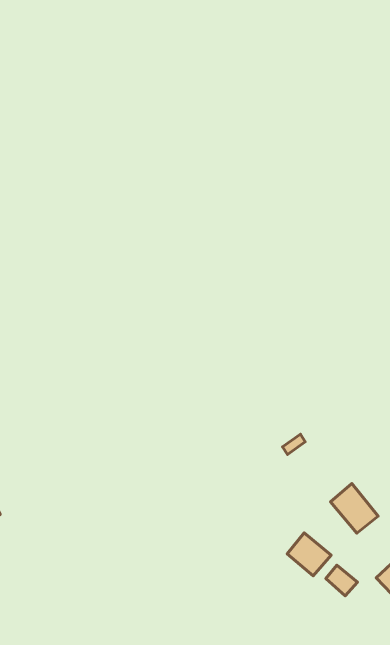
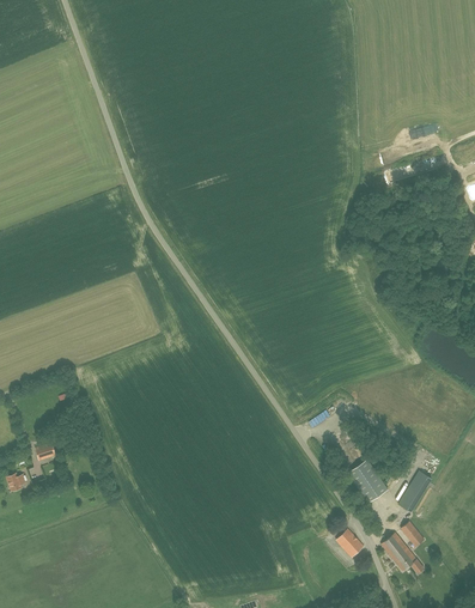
building: [287,533,331,576] -> none

